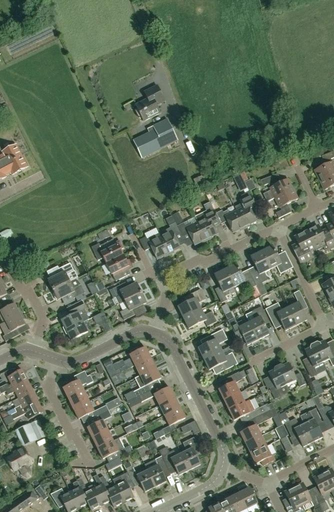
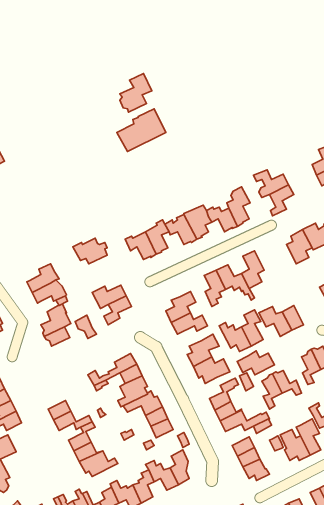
building: [261,245,293,273] -> none
building: [106,254,132,280] -> none
building: none -> [237,351,275,375]
building: [63,370,93,398] -> none

